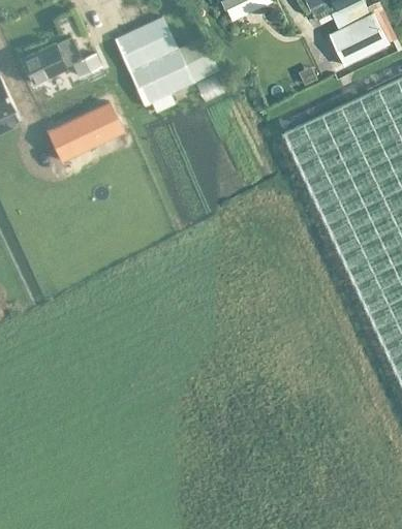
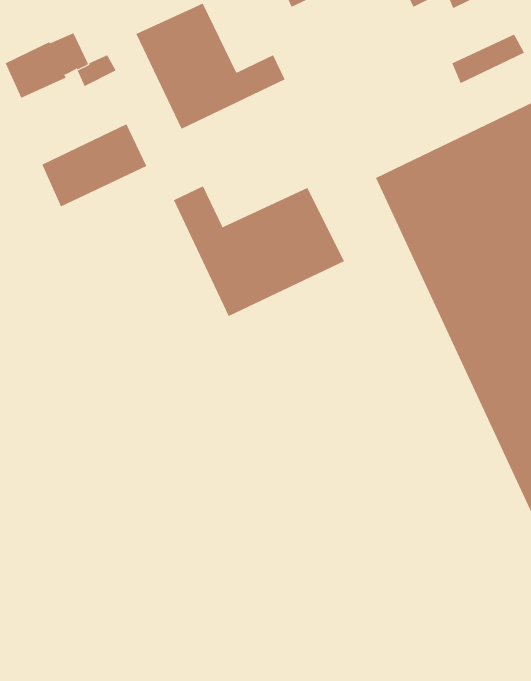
building: [330,21,382,58] -> none
building: none -> [173,185,345,317]

